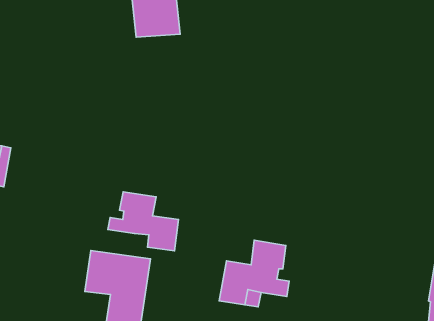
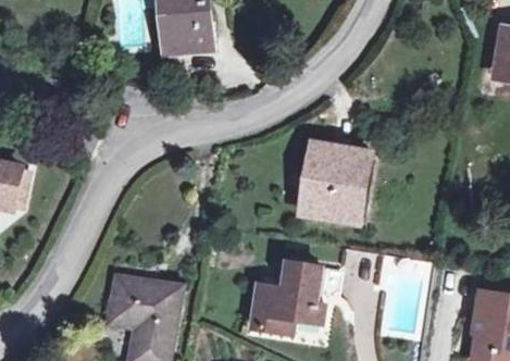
building: none -> [300,142,371,221]
building: [108,192,178,251] -> none

